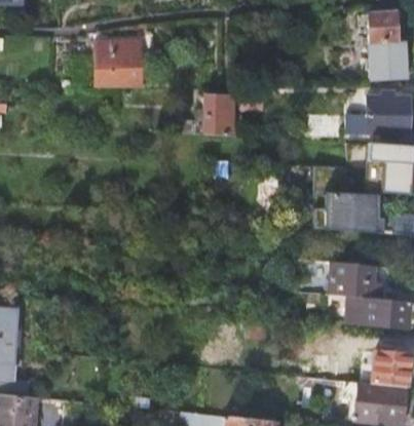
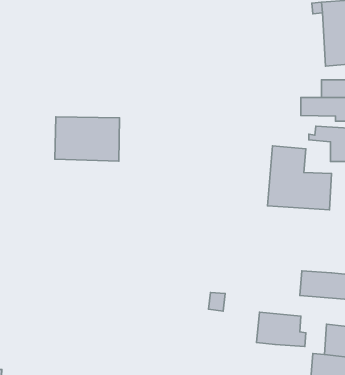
building: [95,41,162,87] -> [55,117,120,161]
building: [204,95,234,133] -> none
building: [329,261,380,297] -> [257,312,306,347]

